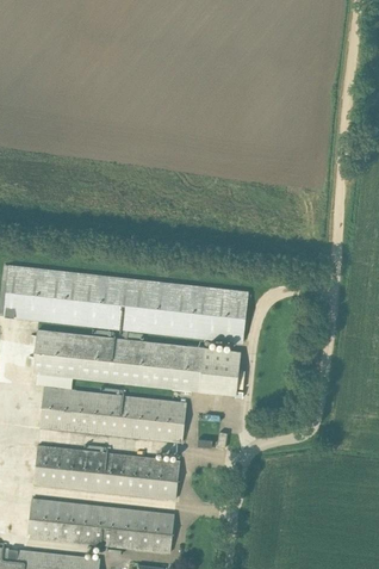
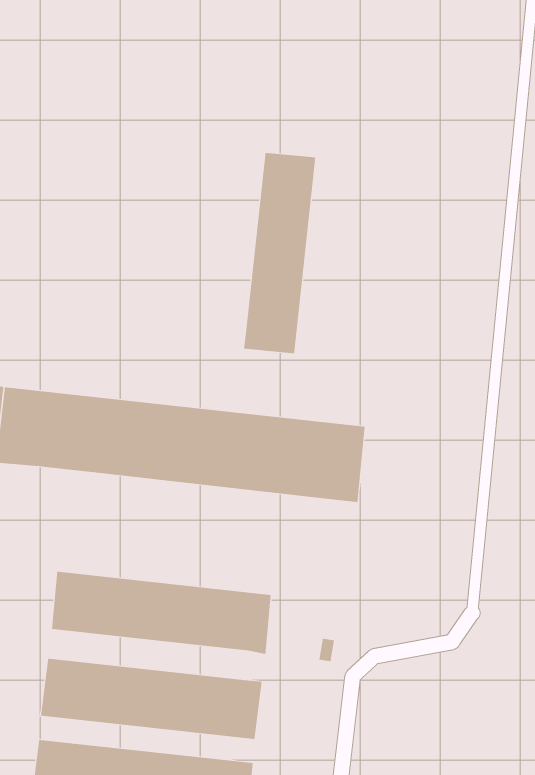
building: none -> [244,152,316,354]
building: [32,330,244,400] -> none

